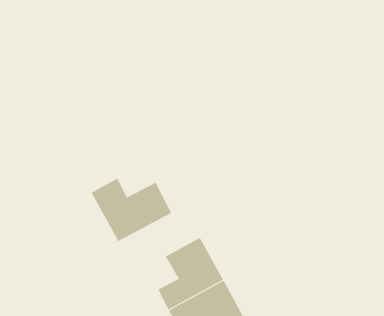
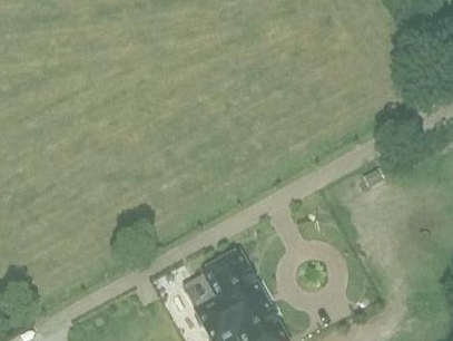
building: [91,178,172,242] -> none

